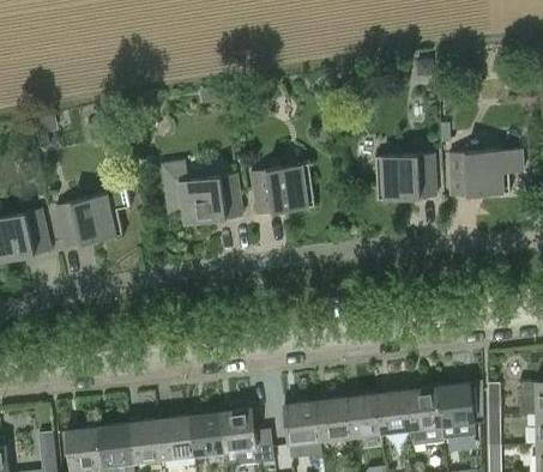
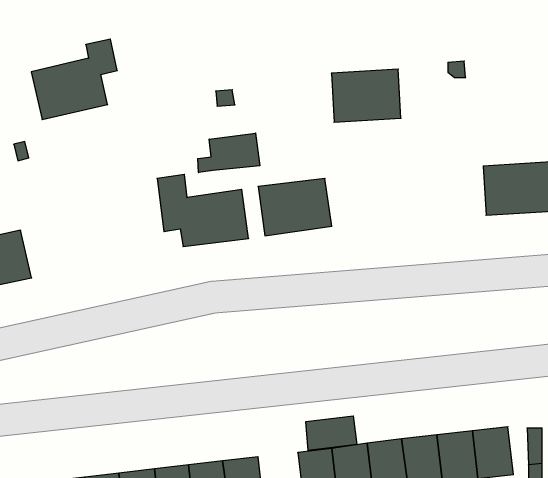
building: none -> [198,133,260,173]
building: [375,153,436,200] -> [331,69,401,122]
building: [56,177,132,248] -> [31,39,117,120]
building: none -> [306,416,357,451]

